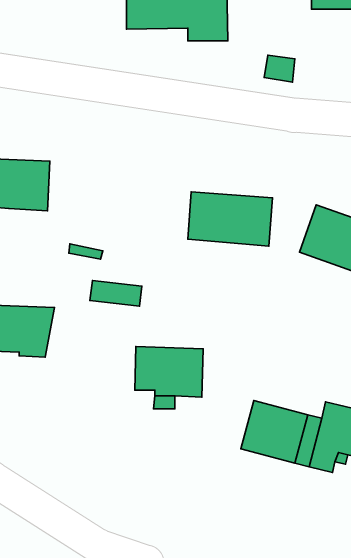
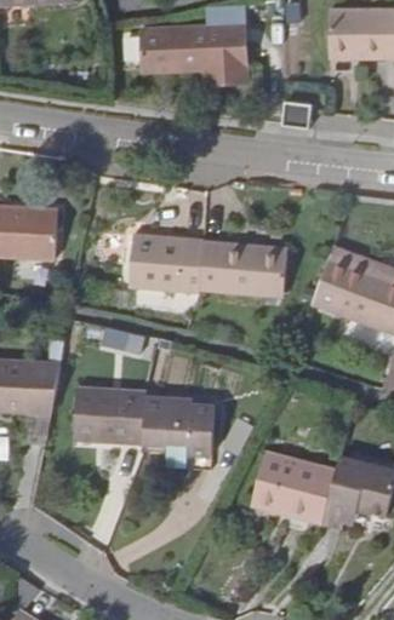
building: none -> [130,234,204,289]
building: none -> [76,390,145,444]

